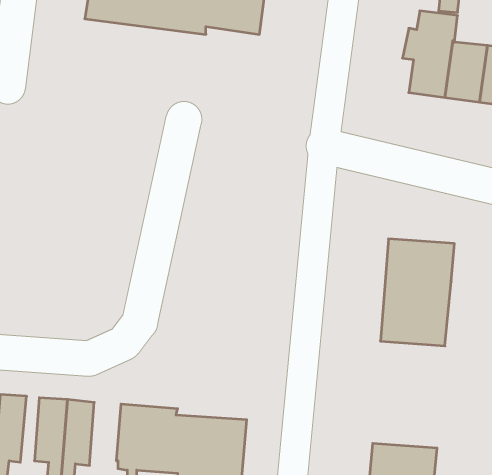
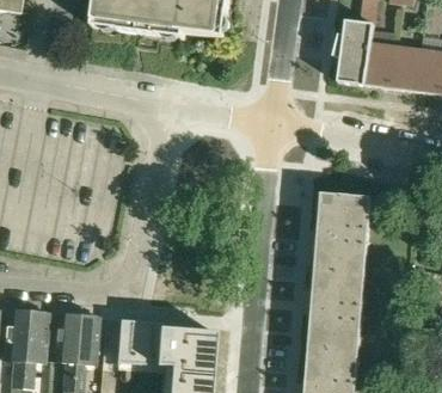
building: none -> [309,270,364,351]

